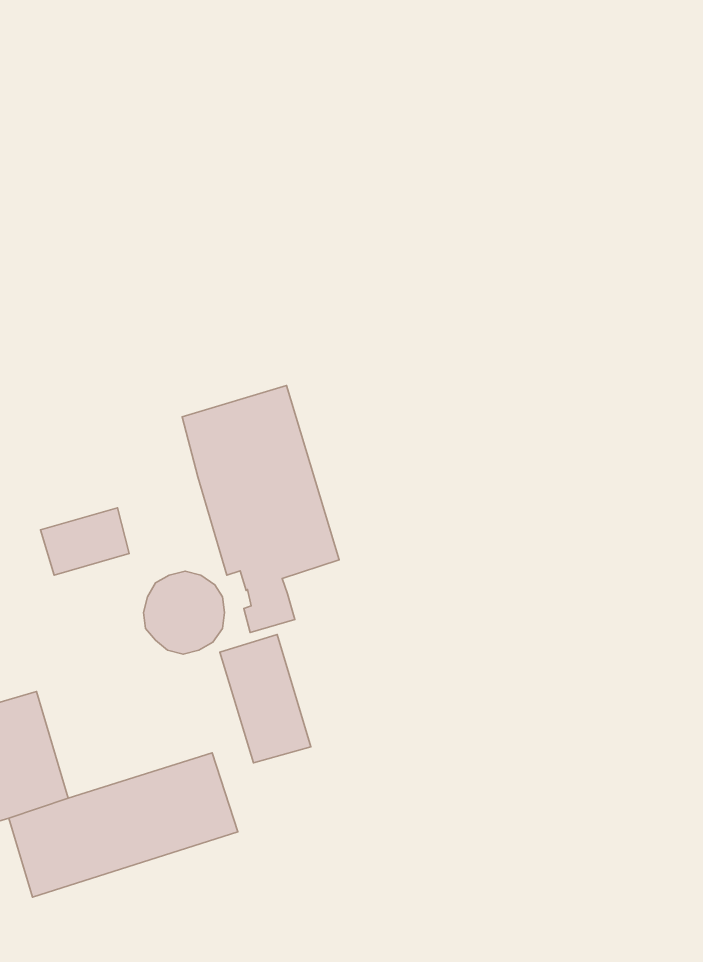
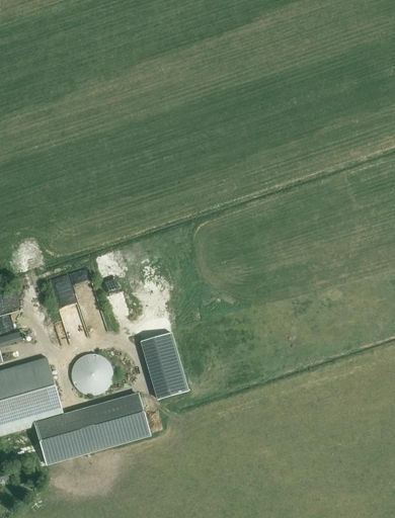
building: [182,386,339,633] -> none
building: [144,571,225,654] -> [70,352,111,395]

